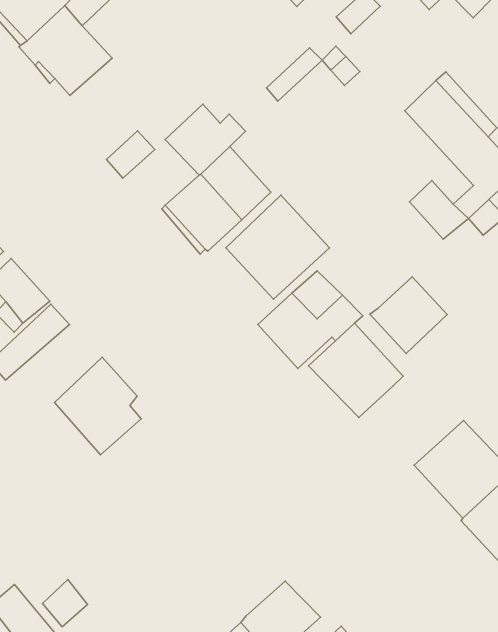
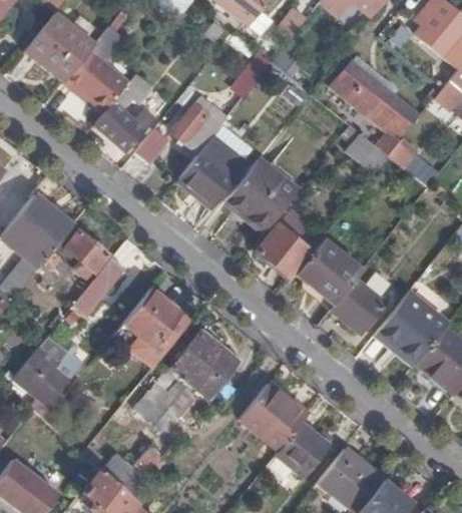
building: none -> [94,72,153,149]
building: [370,277,447,353] -> [330,278,383,331]
building: none -> [135,330,238,428]
building: none -> [240,385,306,451]

